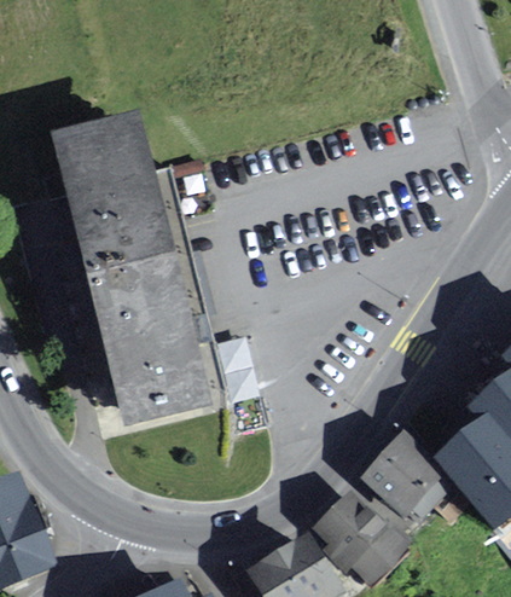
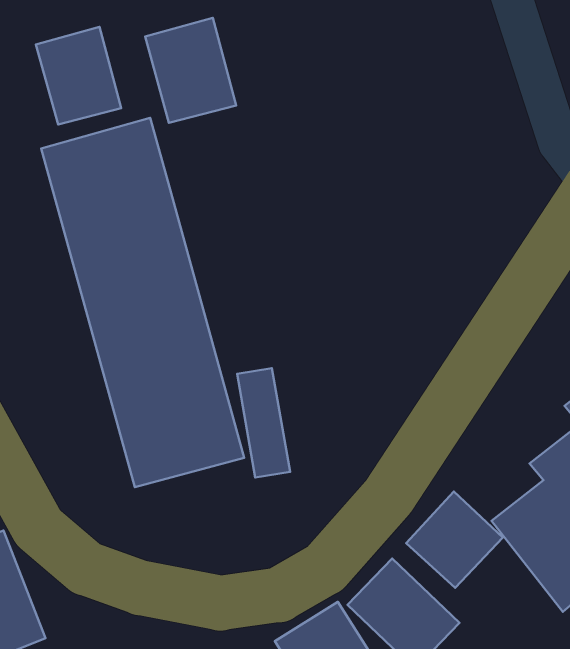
building: none -> [145,18,236,123]
building: none -> [36,27,121,124]

